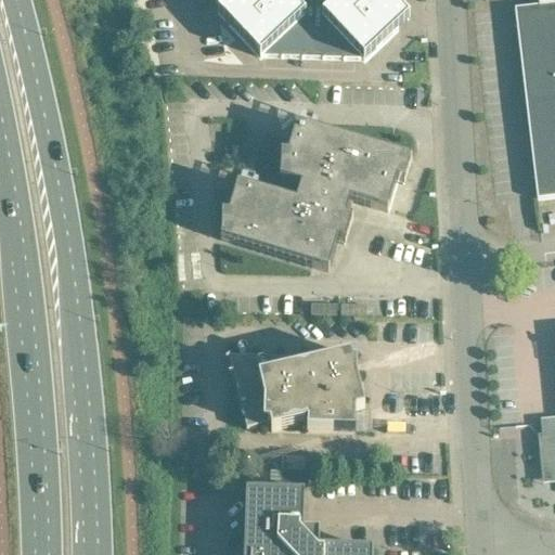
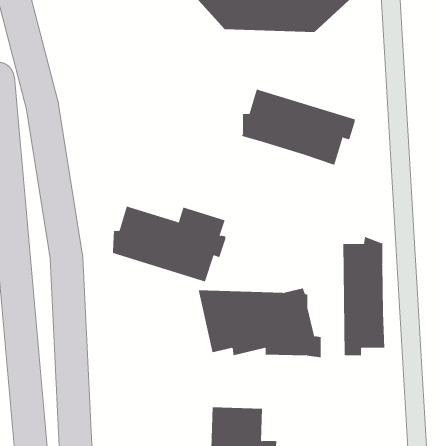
building: [221,179,352,267] -> [112,206,226,282]
building: none -> [343,236,385,356]

